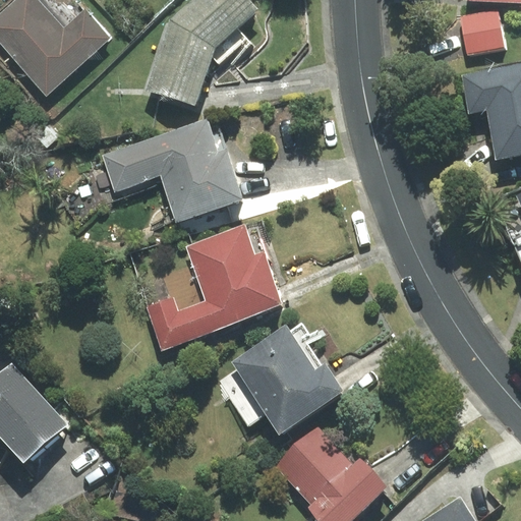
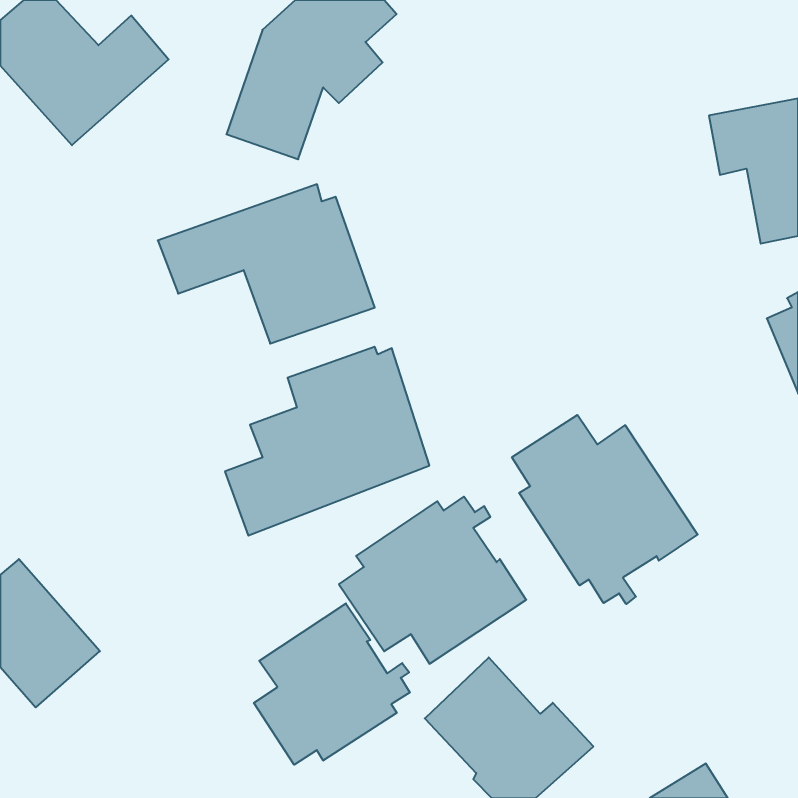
building: [461,10,504,54] -> none
building: none -> [512,415,698,604]
building: none -> [254,603,410,765]

